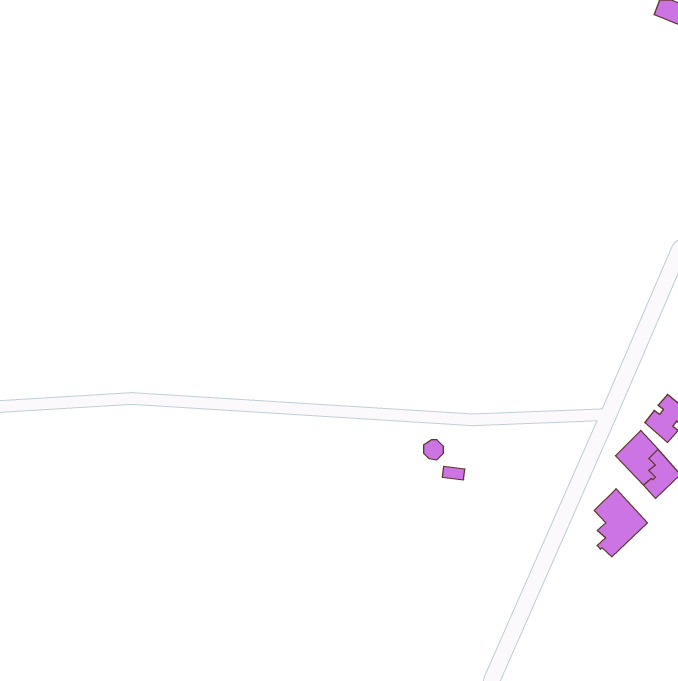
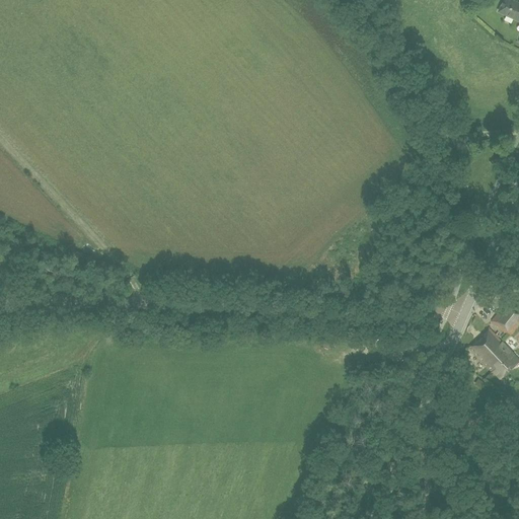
building: [594,489,647,557] -> none

